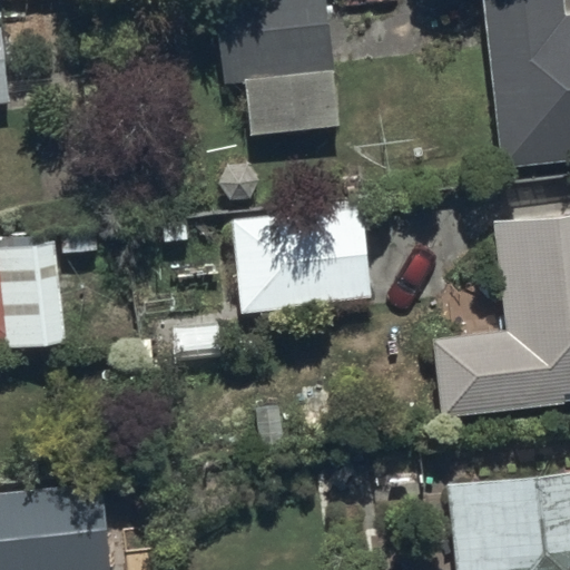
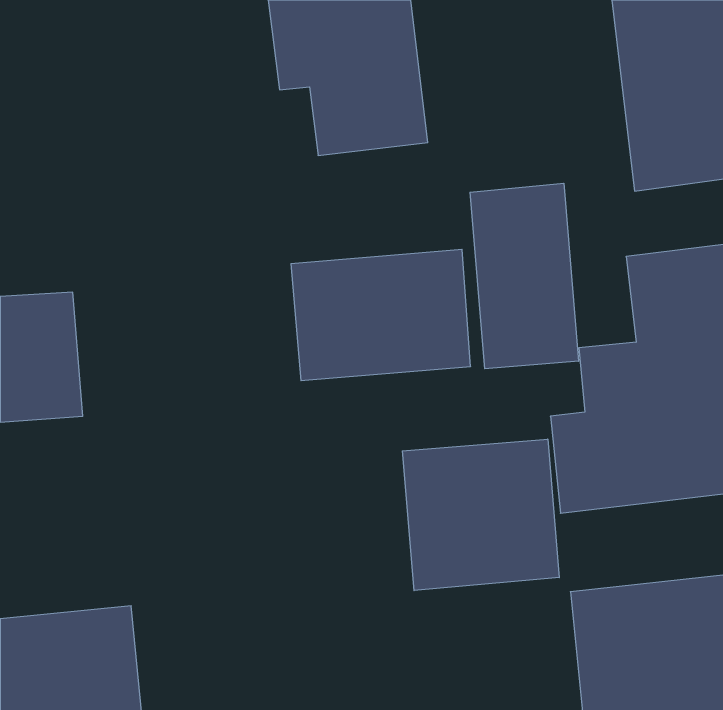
building: none -> [470,183,579,369]
building: none -> [402,439,559,591]

